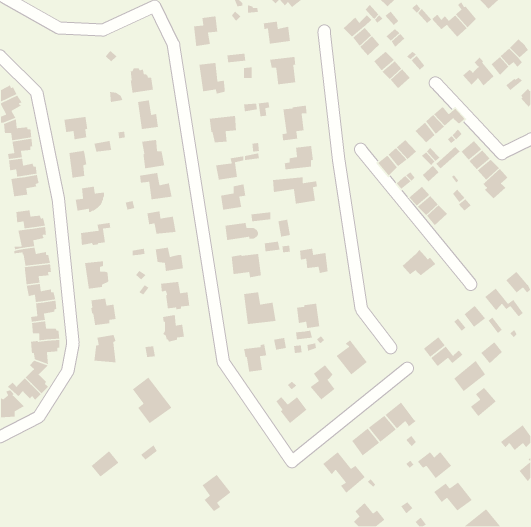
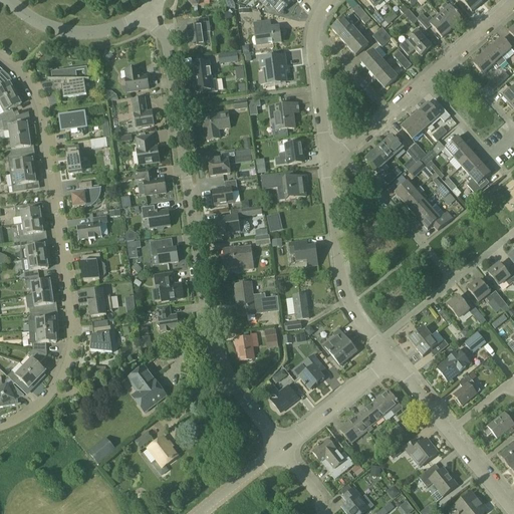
building: [462,56,495,86] -> [400,26,431,55]
building: none -> [52,66,86,96]
building: [402,249,436,276] -> [420,203,453,229]
building: [201,474,232,512] -> [149,436,178,473]

